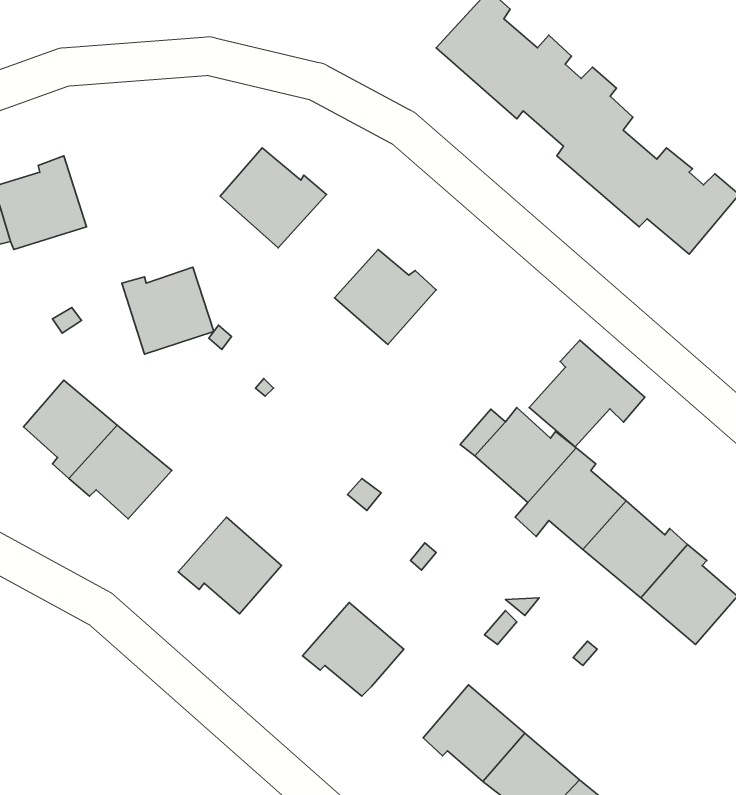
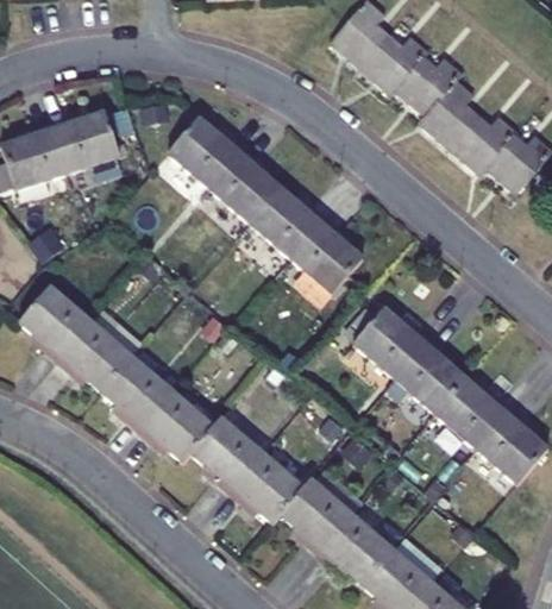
building: none -> [211,150,284,226]
building: [122,267,214,354] -> [52,109,120,174]
building: none -> [291,220,363,294]
building: [529,340,645,447] -> none
building: none -> [100,353,172,428]
building: none -> [190,415,263,490]
building: none -> [280,477,351,551]

